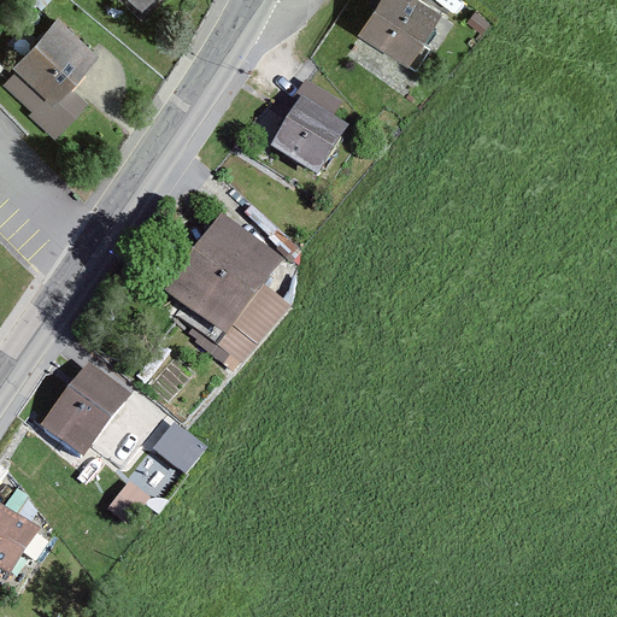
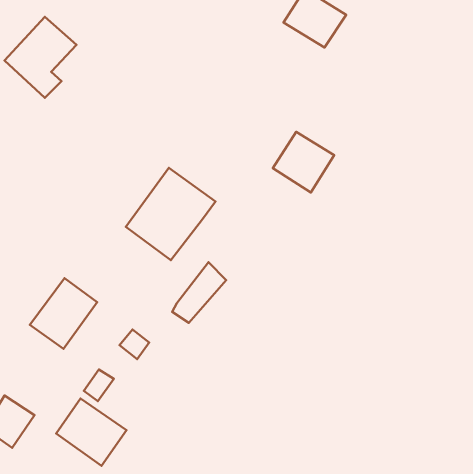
building: [282,102,362,181] -> [273,132,334,193]
building: [215,283,284,362] -> [172,262,226,323]
building: none -> [56,398,127,466]

